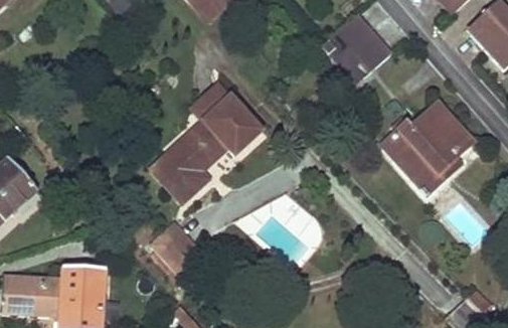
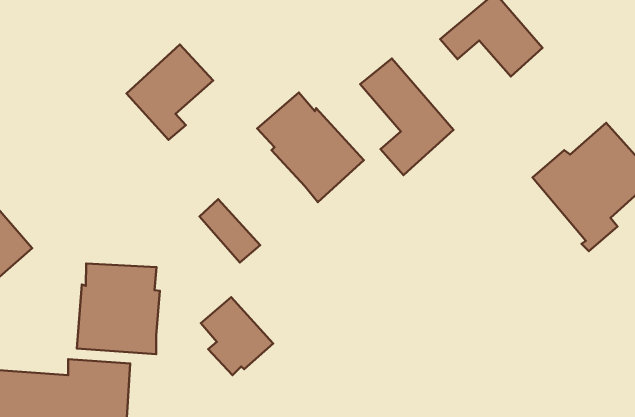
building: none -> [360,59,454,175]
building: [165,122,225,188] -> [127,45,213,140]
building: none -> [77,263,160,354]

